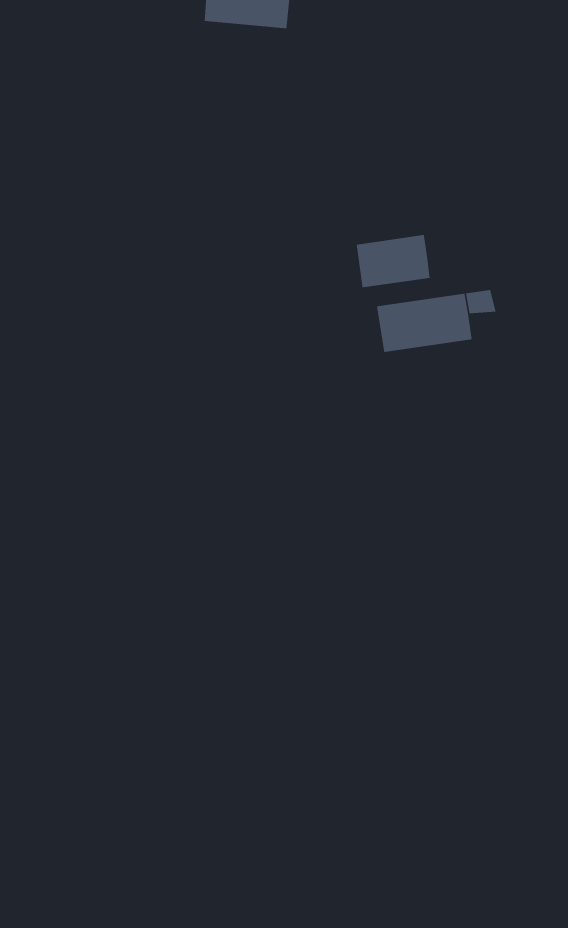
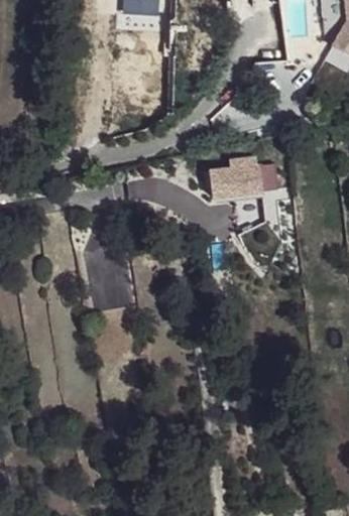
building: [356,234,430,288] -> none

